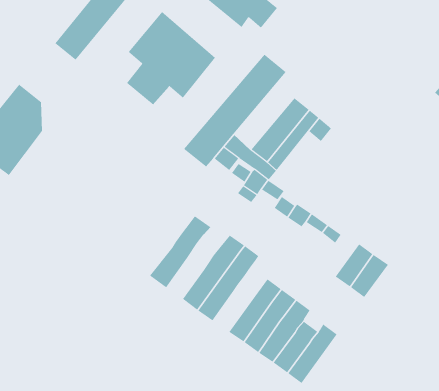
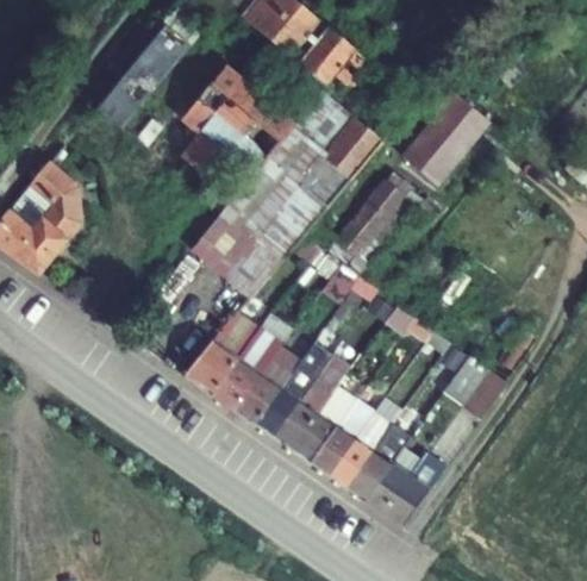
building: none -> [400,87,487,185]
building: none -> [192,95,352,298]
building: none -> [186,312,260,392]
building: none -> [232,342,298,420]
building: none -> [289,381,356,461]

